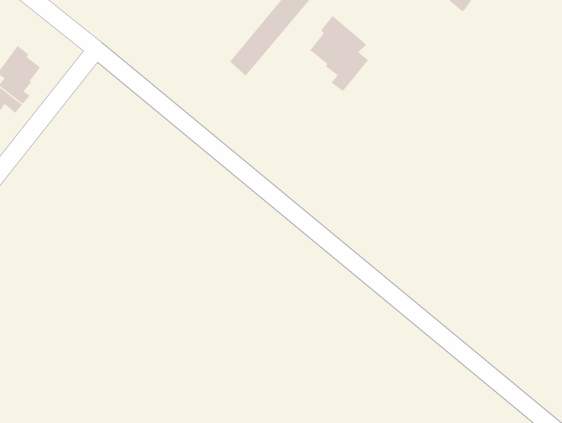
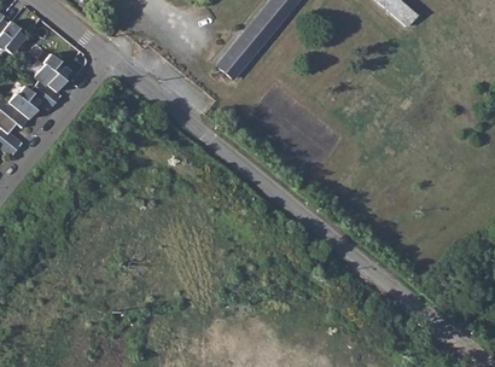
building: [309,15,369,92] -> none

